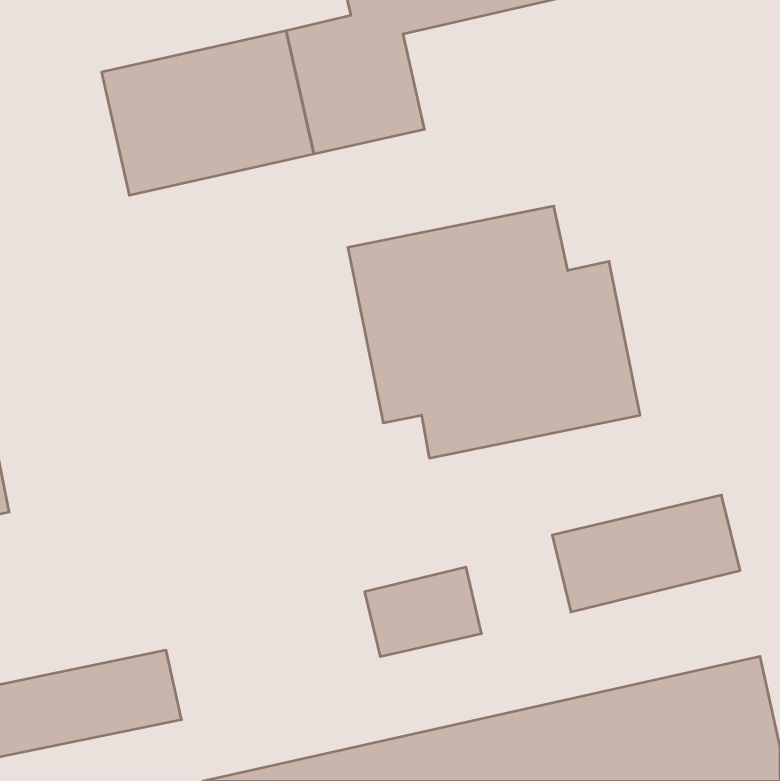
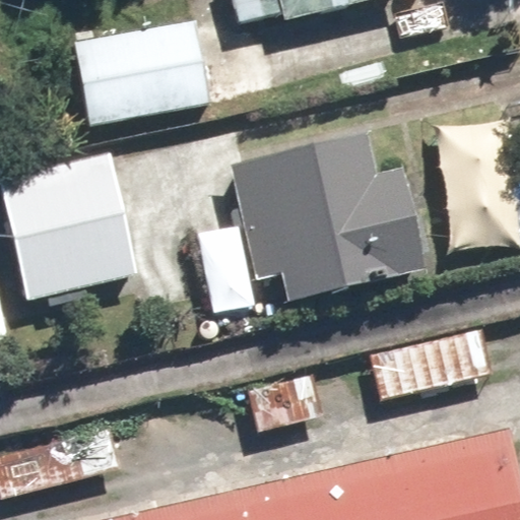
building: none -> [7,133,143,292]

